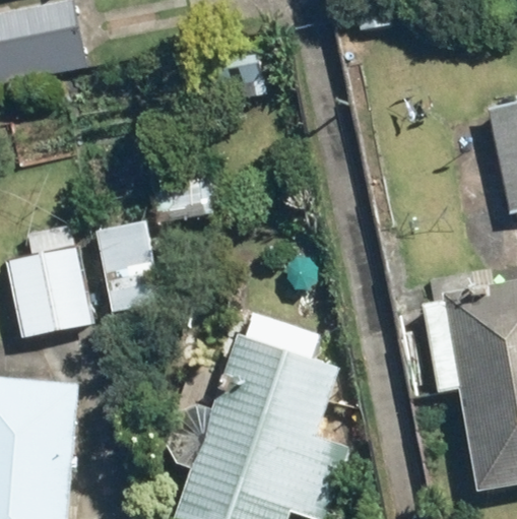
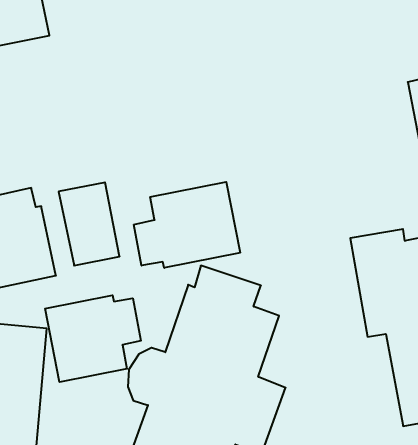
building: none -> [134,182,240,268]
building: none -> [45,295,141,382]

